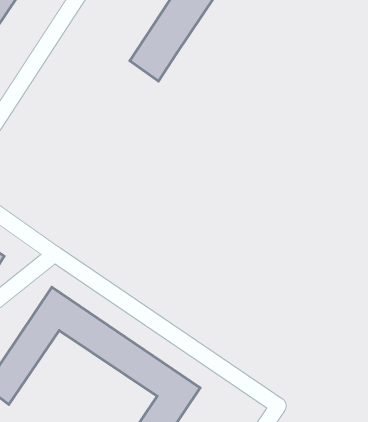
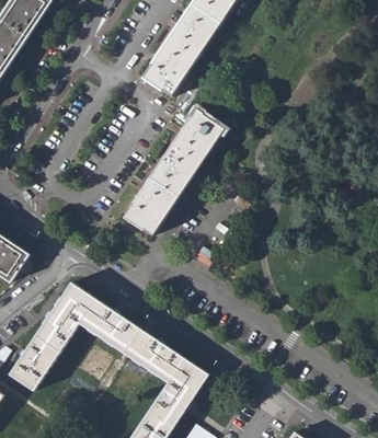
building: none -> [123,111,221,235]

